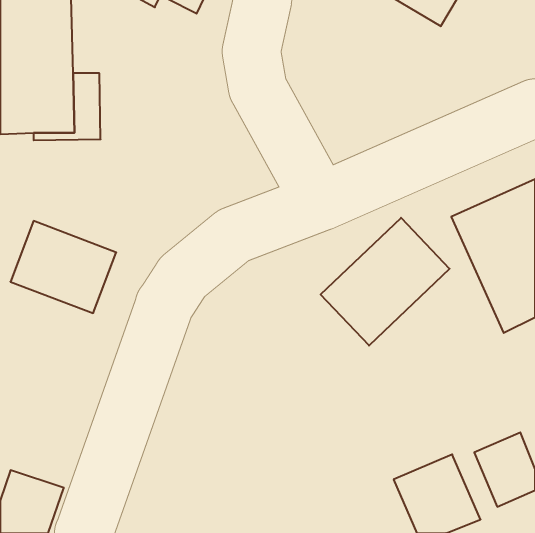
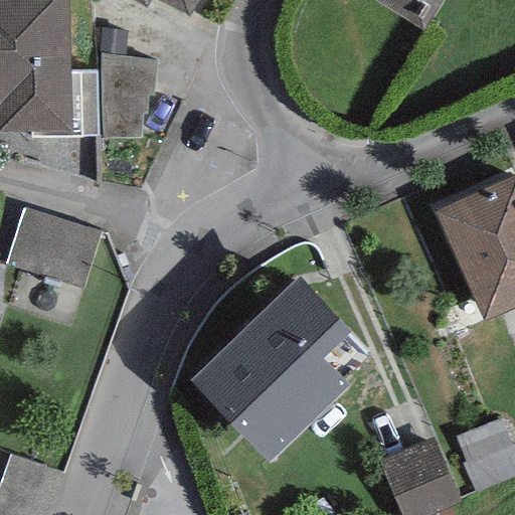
building: none -> [100,52,156,136]
building: [321,218,450,346] -> none
building: none -> [192,277,373,456]

